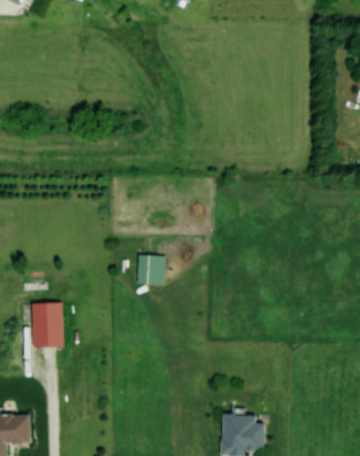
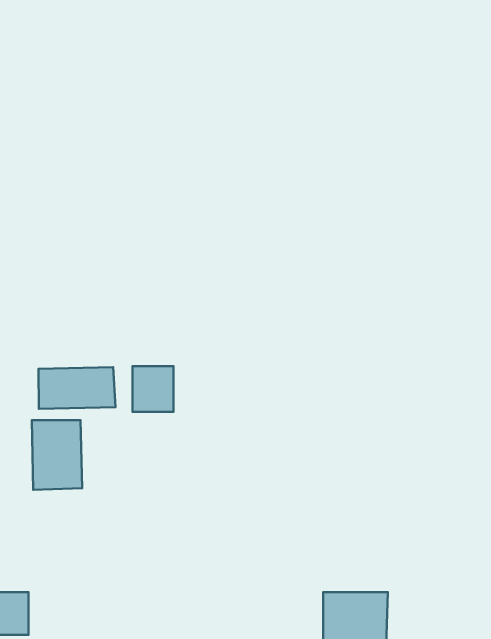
building: [138,255,165,284] -> [132,366,173,412]
building: none -> [39,367,115,409]

